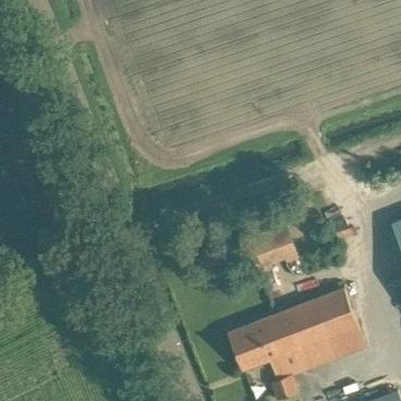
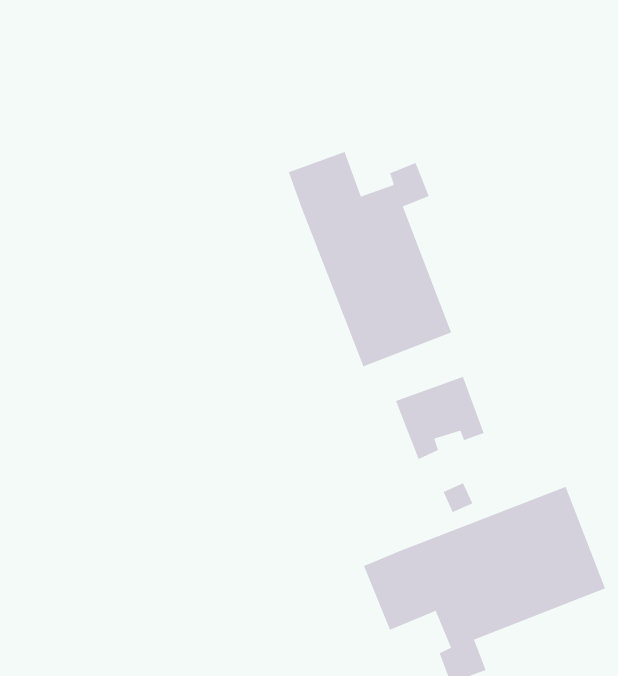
building: none -> [288,151,452,367]

